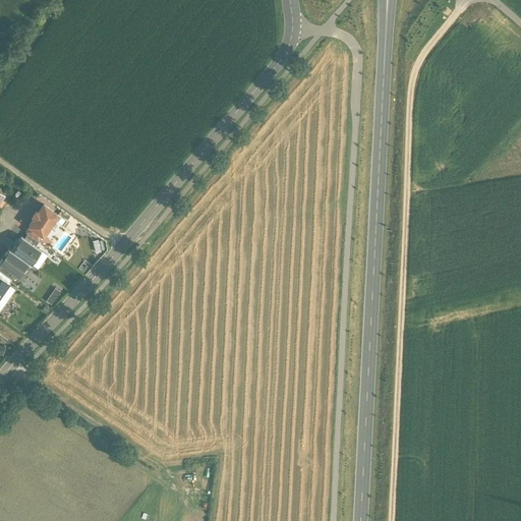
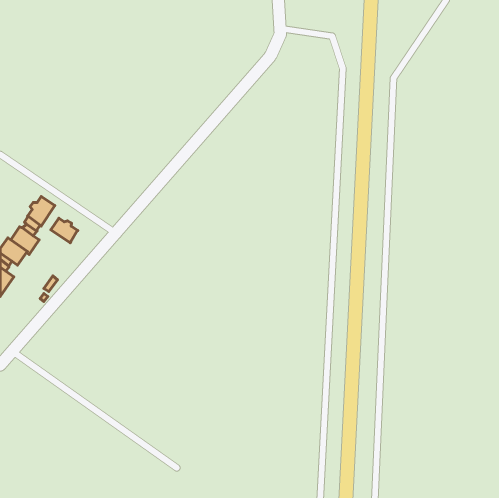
building: none -> [51,218,78,243]

